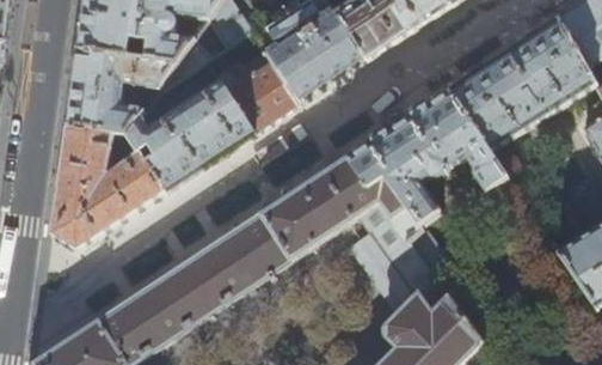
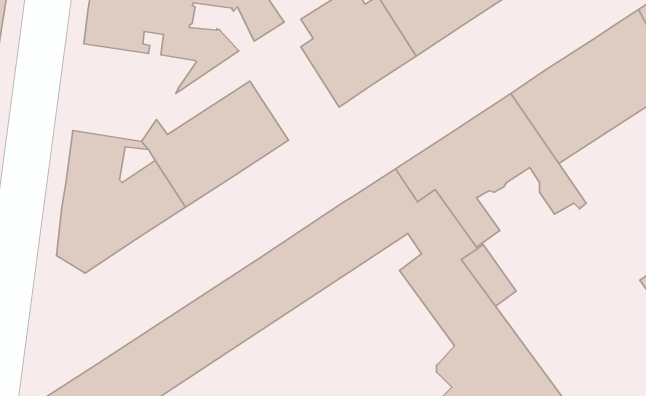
building: [66,48,173,133] -> none
building: [217,48,297,132] -> none

